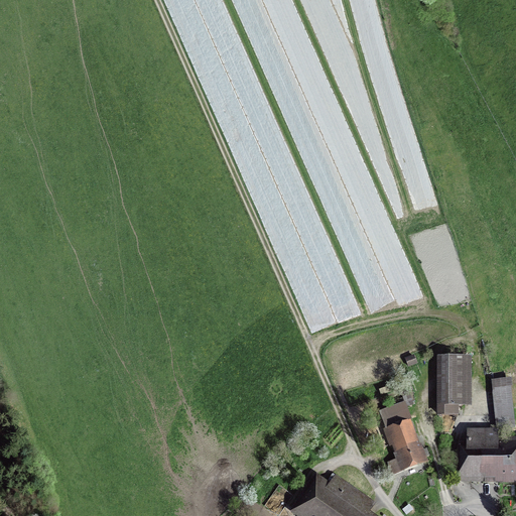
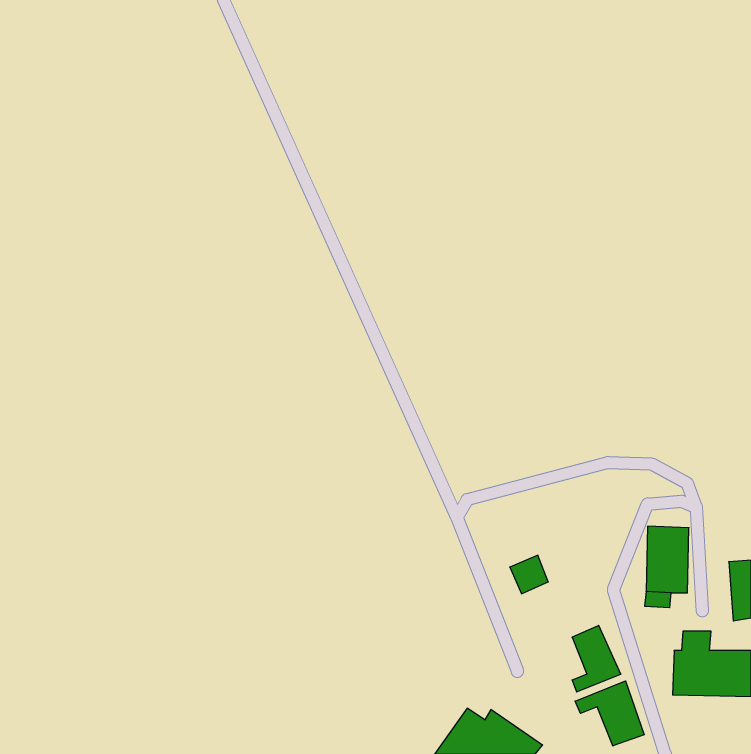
building: [382,408,408,434] -> [510,555,548,594]
building: none -> [575,681,644,746]

